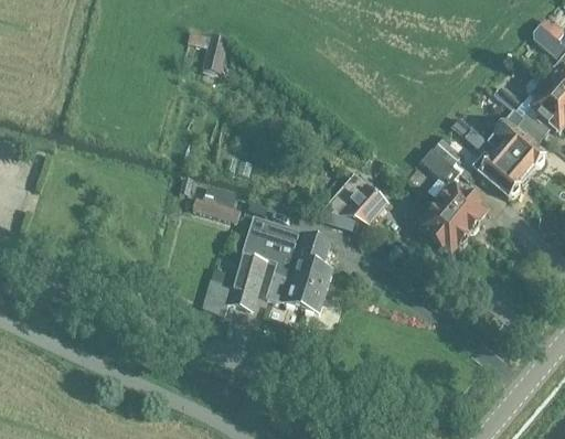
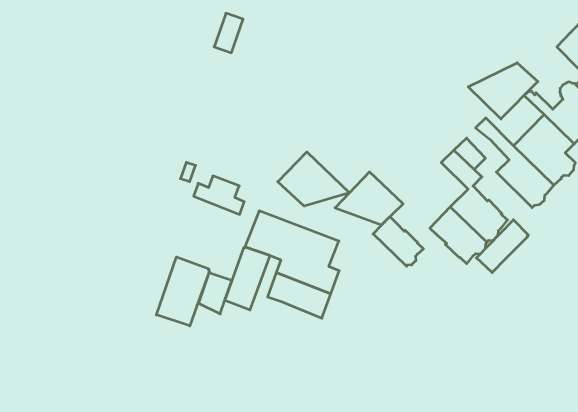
building: none -> [468,63,538,119]
building: none -> [278,152,349,206]
building: none -> [476,220,528,273]
building: none -> [373,217,423,266]
building: none -> [156,257,209,326]

